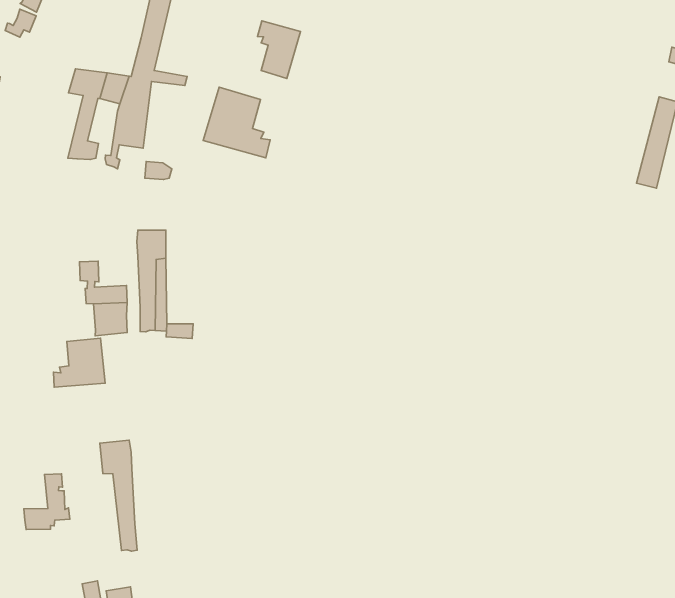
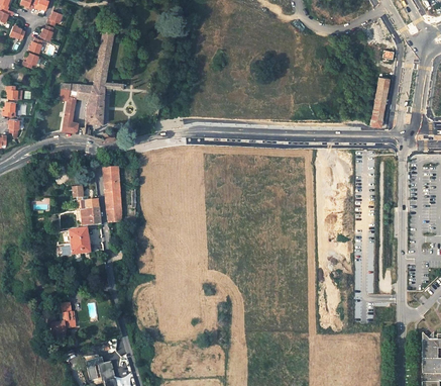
building: [258,21,300,78] -> none
building: [203,87,270,158] -> none
building: [100,440,137,551] -> none

